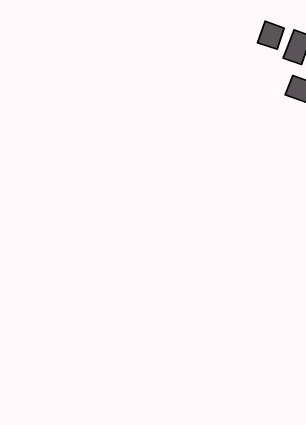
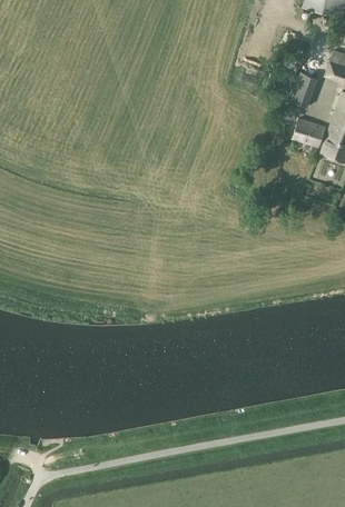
building: [257,21,284,49] -> none

